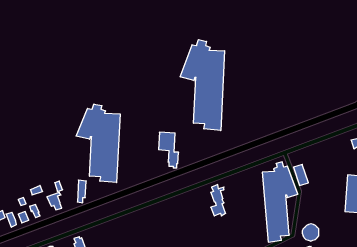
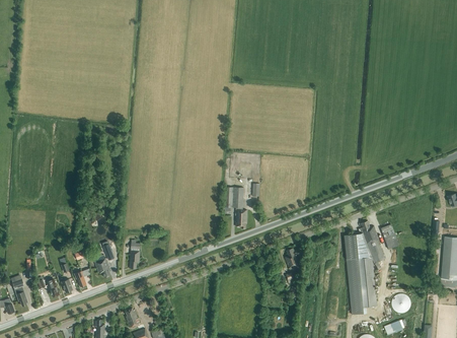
building: [180,40,225,131] -> none
building: [76,104,120,183] -> none

